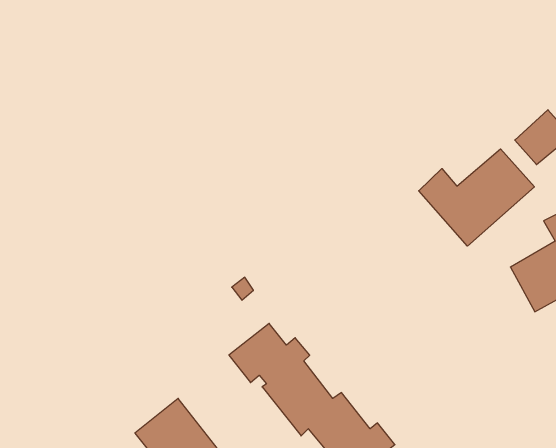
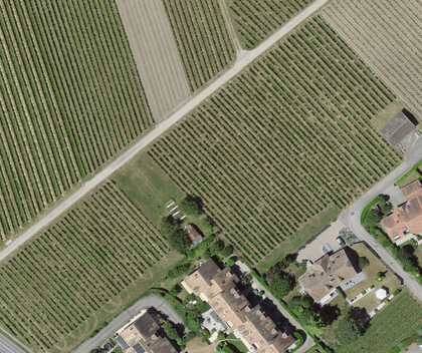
building: [419,149,534,246] -> none
building: none -> [297,250,358,304]

